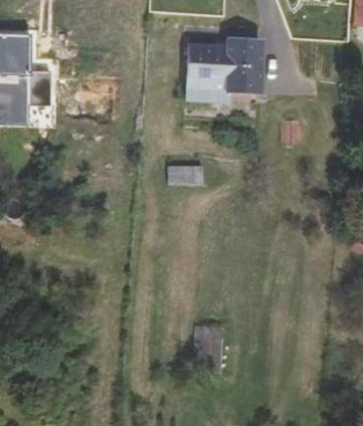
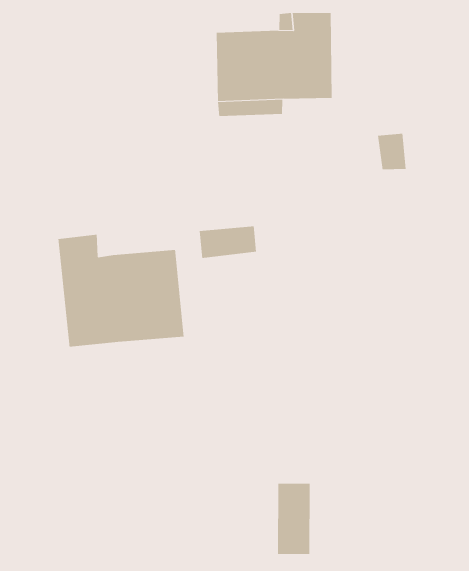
building: none -> [58,234,184,347]

